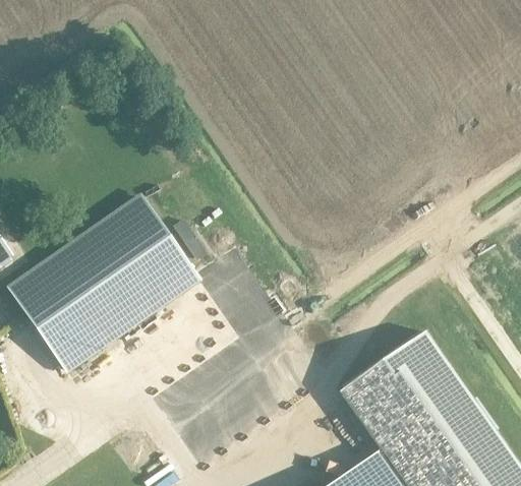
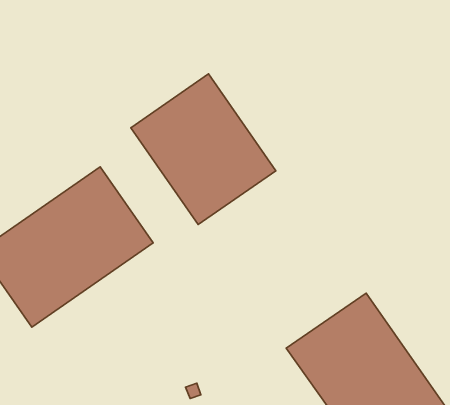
building: none -> [131,74,276,225]

